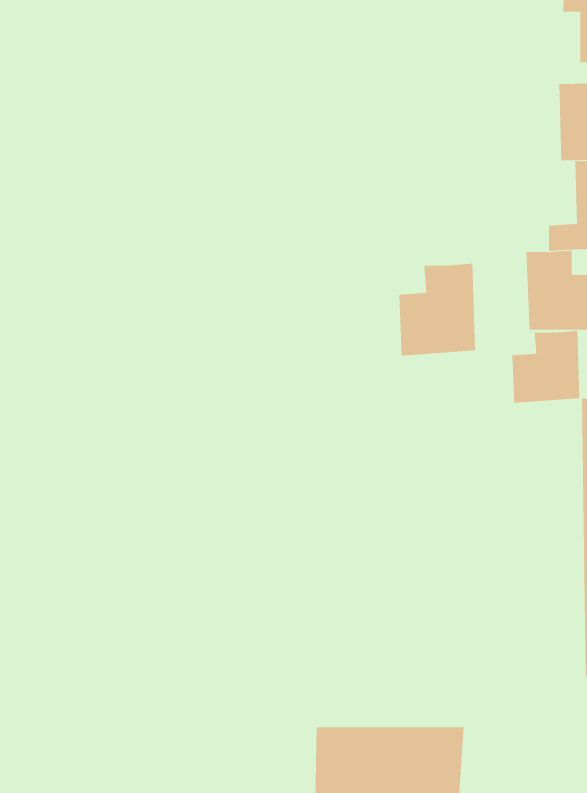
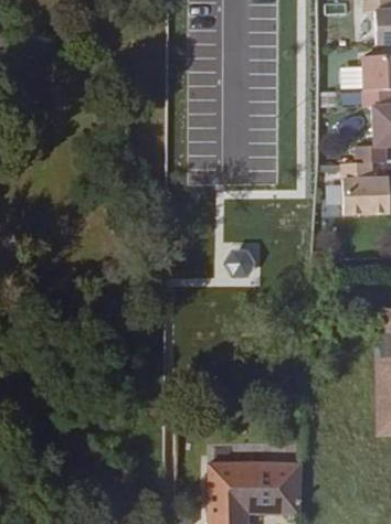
building: [399,263,476,357] -> none
building: [512,330,580,404] -> none

